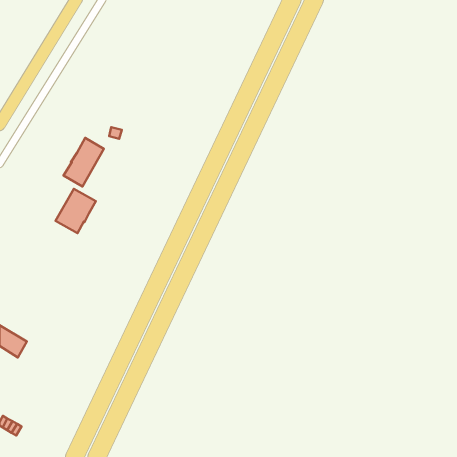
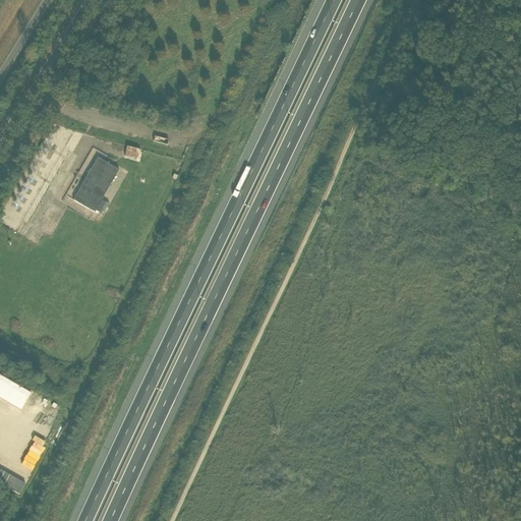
building: [56,189,96,233] -> none

